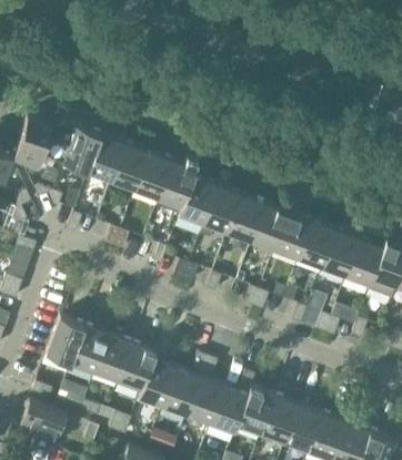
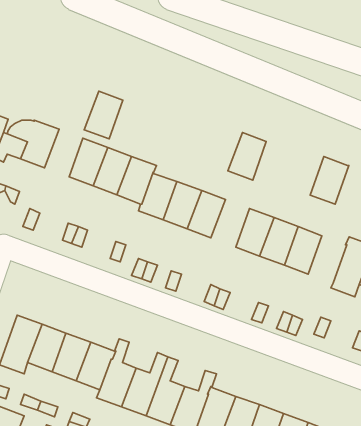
building: [87,135,124,182] -> [84,91,123,139]
building: [250,204,288,251] -> [228,132,266,180]
building: [345,239,383,286] -> [310,157,349,204]

